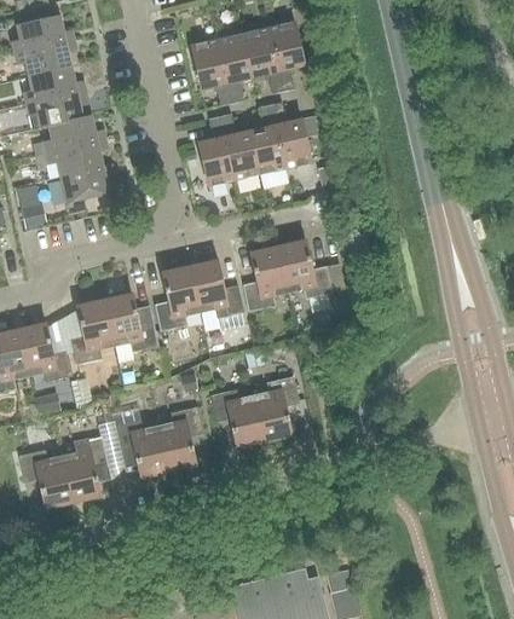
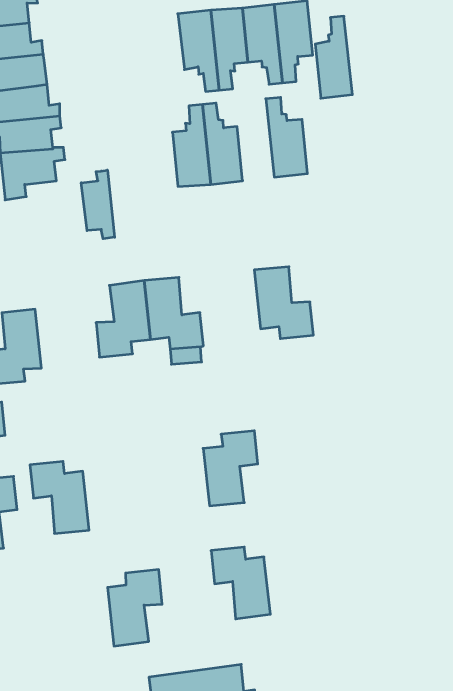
building: [249,105,284,174] -> [315,16,352,98]
building: none -> [81,170,115,239]
building: [242,245,288,311] -> none
building: [103,293,158,352] -> none
building: [209,389,264,449] -> [211,547,270,619]
building: [157,406,203,473] -> [108,570,162,646]

